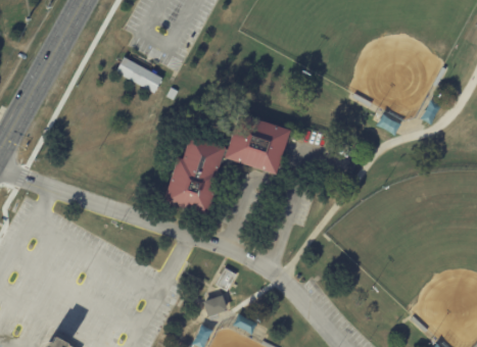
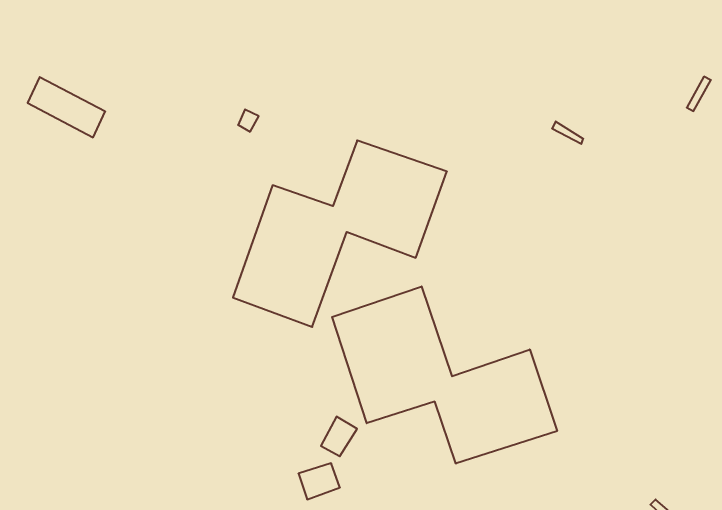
building: [117,58,163,94] -> [28,77,105,137]
building: none -> [332,286,557,464]

